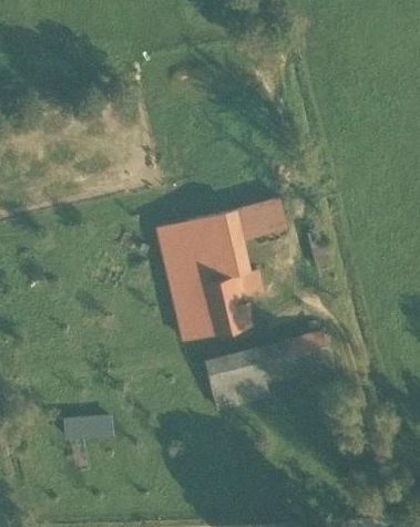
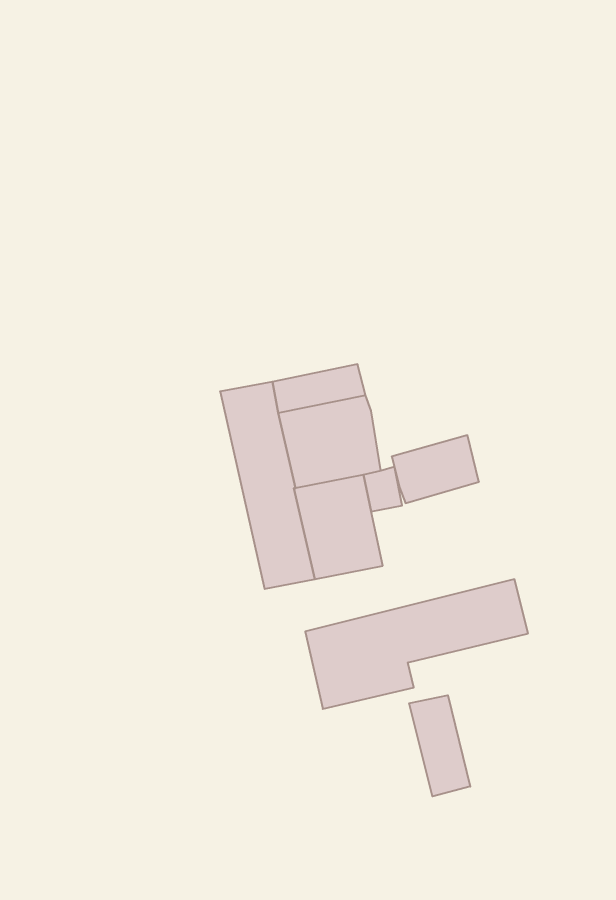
building: [236,198,286,237] -> [392,435,479,503]
building: none -> [409,695,470,796]
building: [65,416,111,436] -> none

